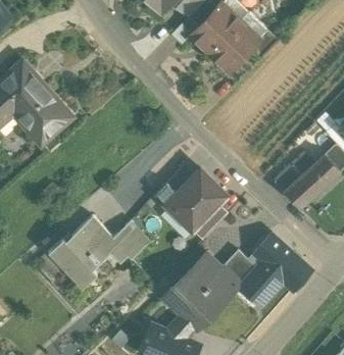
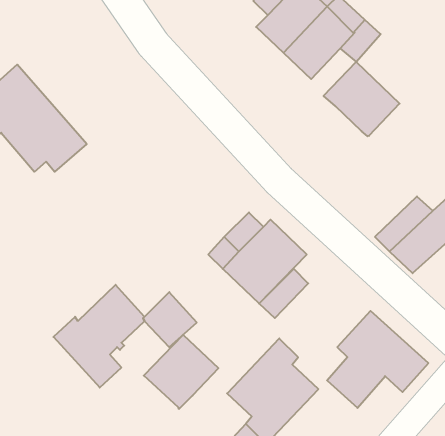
building: none -> [324,62,400,136]
building: [215,250,254,290] -> none
building: none -> [144,335,218,409]

